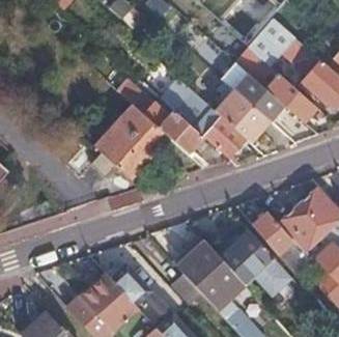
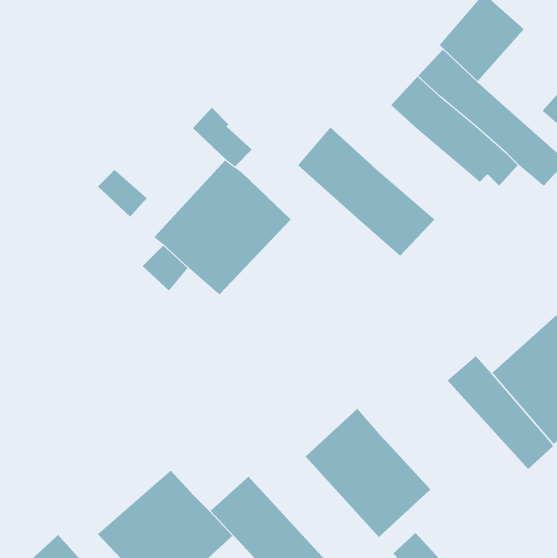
building: [215,89,270,142] -> none
building: [143,99,202,156] -> none
building: [219,228,289,289] -> none

